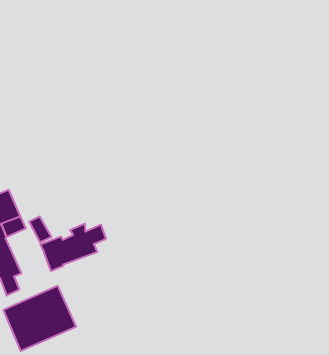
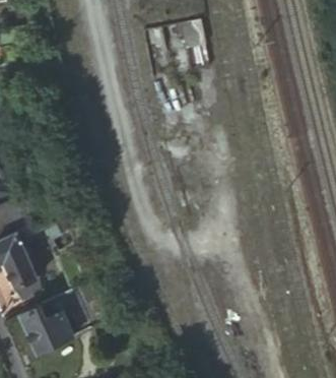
building: [40,224,106,271] -> none

